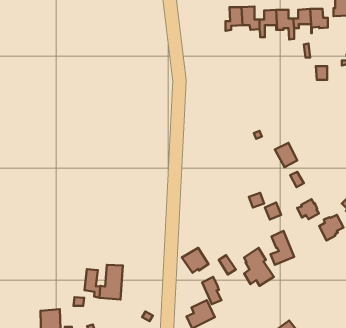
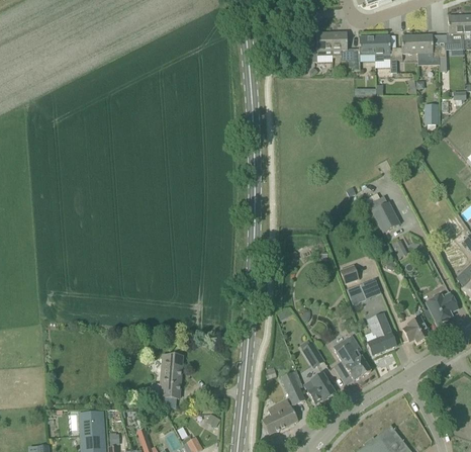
building: [297,199,319,219] -> [402,317,430,342]
building: [182,248,209,273] -> [302,372,336,403]
building: [84,269,100,298] -> none

